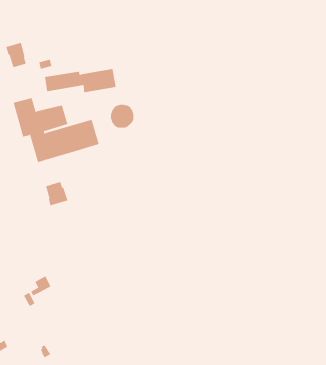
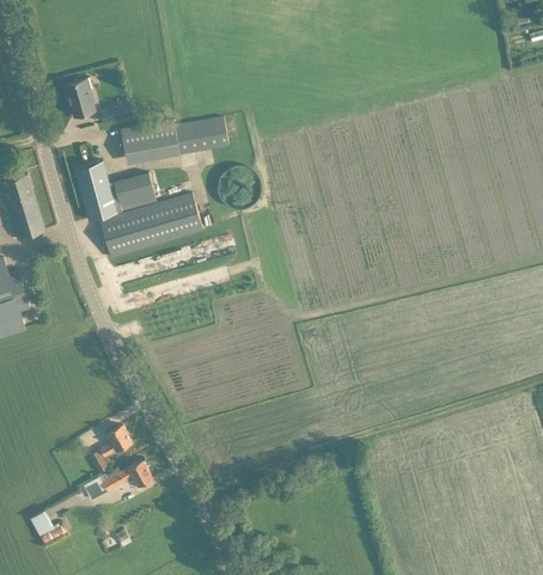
building: [45,181,68,206] -> none
building: none -> [84,460,152,500]

